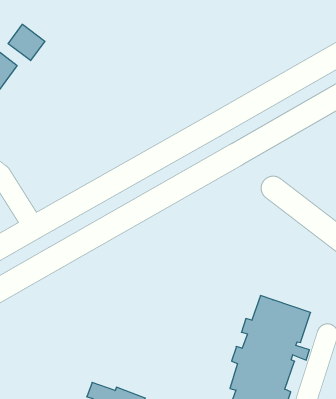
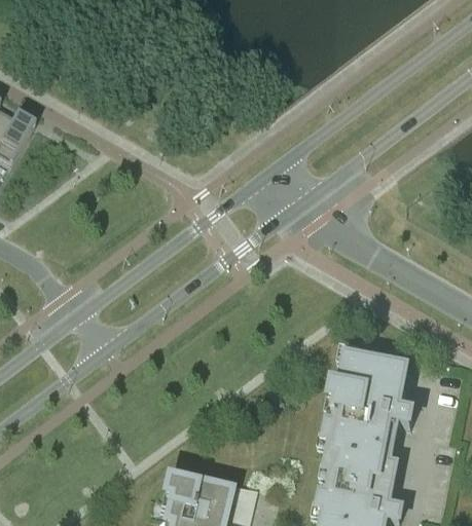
building: [8,24,45,61] -> none

